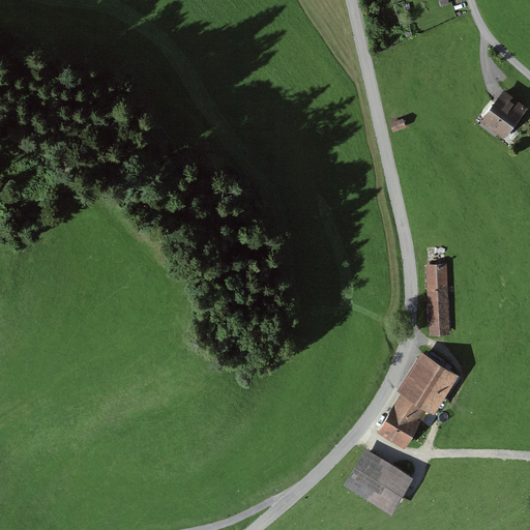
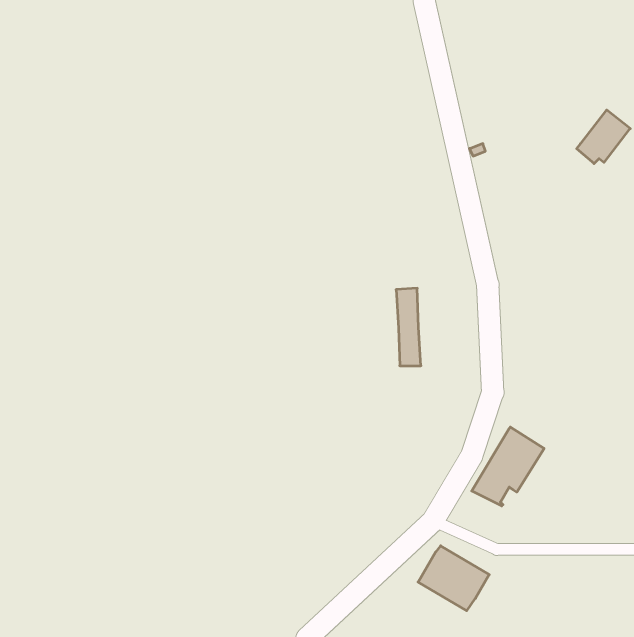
building: [429,265,449,329] -> [396,288,421,366]
building: [381,408,419,444] -> none

